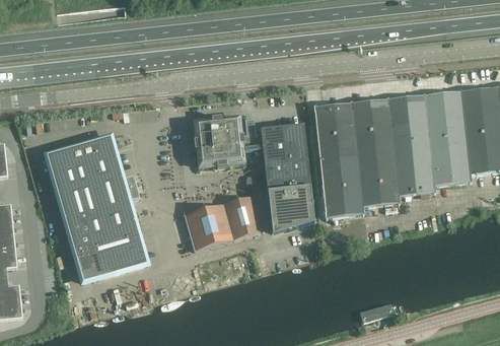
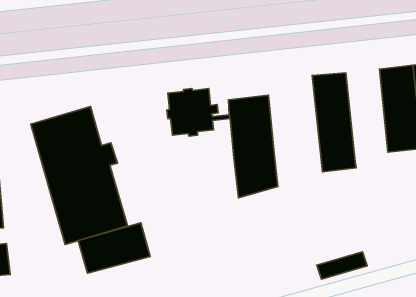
building: [388,94,435,195] -> none
building: [314,101,364,216] -> none
building: [185,194,263,249] -> [78,223,150,273]

